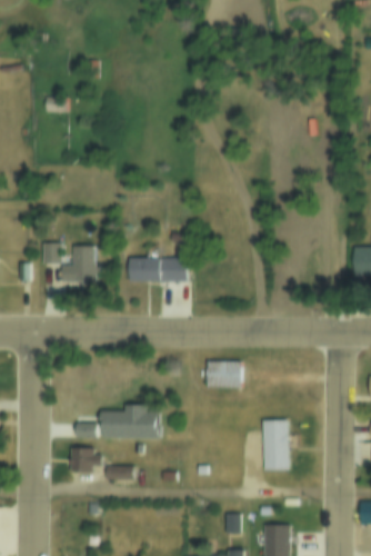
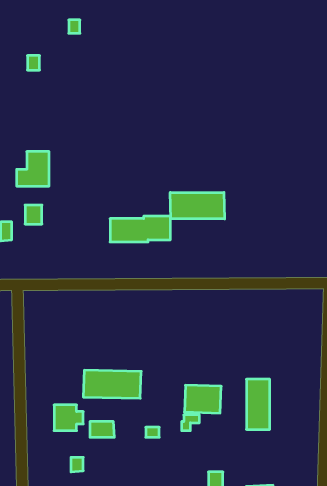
building: none -> [170,192,225,219]
building: [62,250,94,285] -> [17,152,49,186]
building: [205,359,242,387] -> [184,385,221,413]

